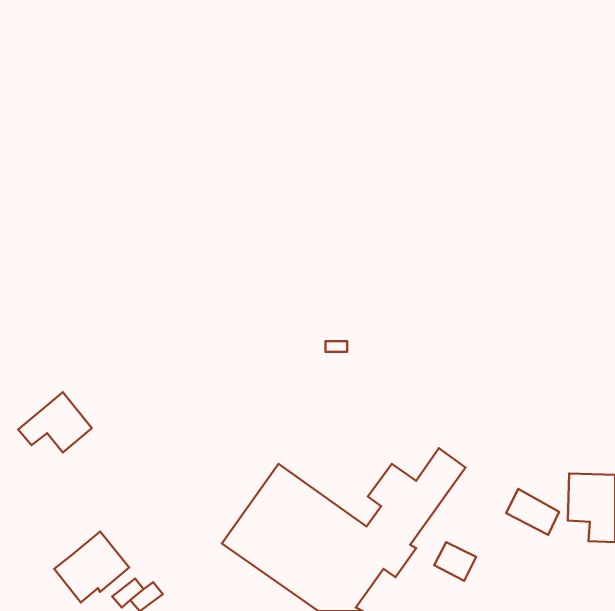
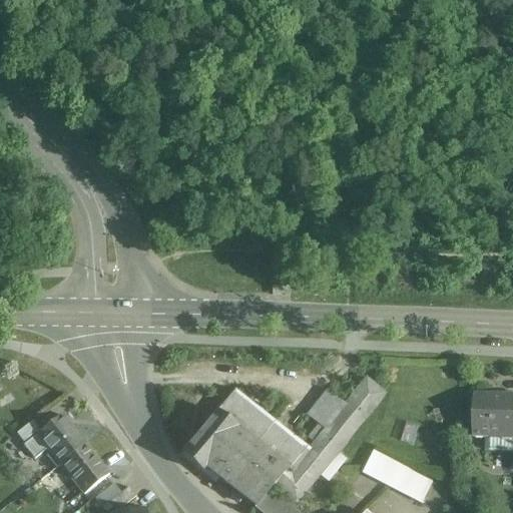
building: [18,392,92,452] -> [22,412,83,462]
building: [506,489,559,535] -> [386,463,430,501]

